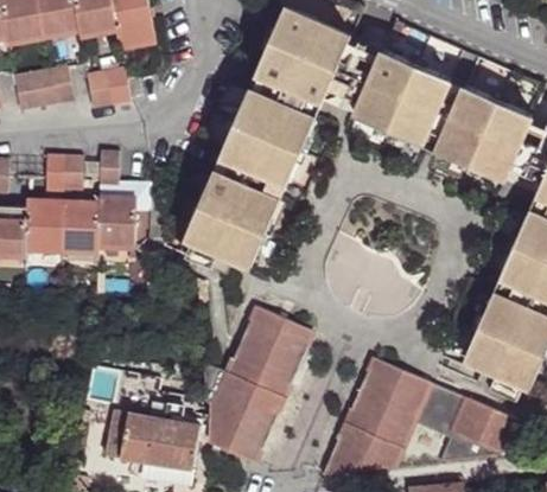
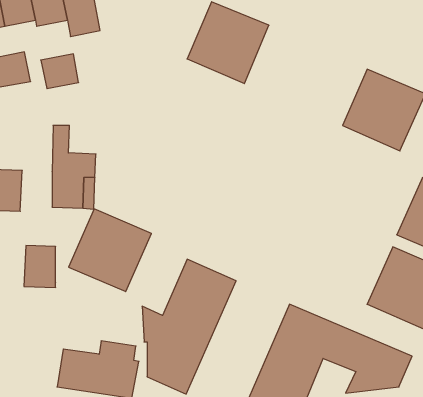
building: [354,50,450,145] -> none
building: [220,88,314,184] -> none
building: [45,154,82,192] -> none
building: [184,170,280,266] -> [69,209,151,292]
building: [62,203,98,251] -> [24,246,56,287]

